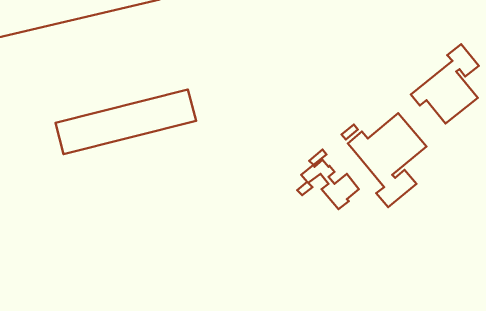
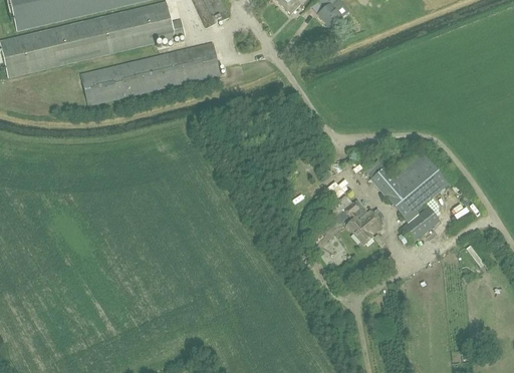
building: [411,44,479,124] -> none
building: [56,90,196,154] -> [80,41,220,105]

